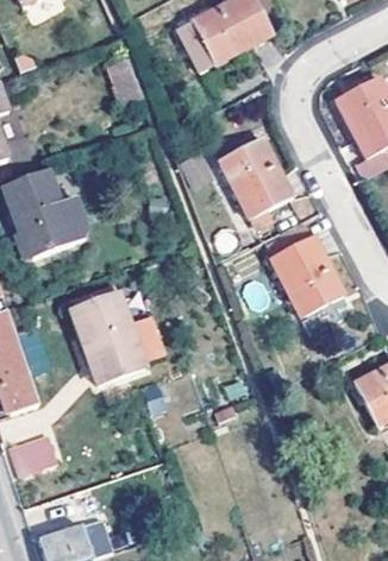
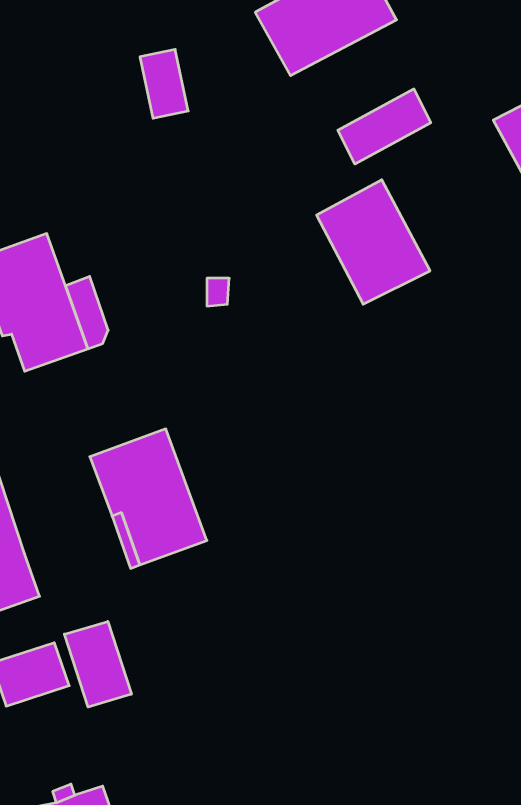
building: none -> [338,89,431,164]
building: [269,233,343,314] -> none
building: none -> [64,621,131,707]

